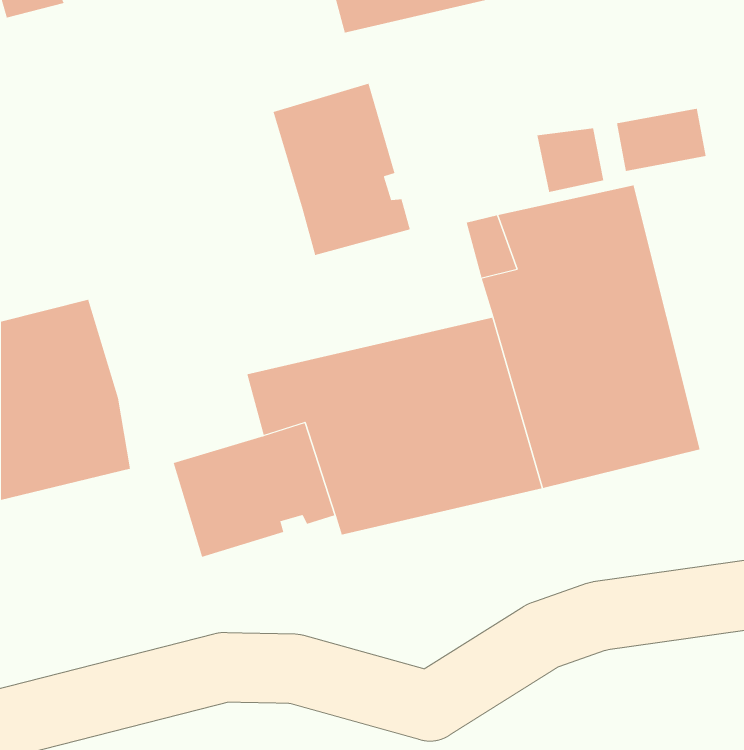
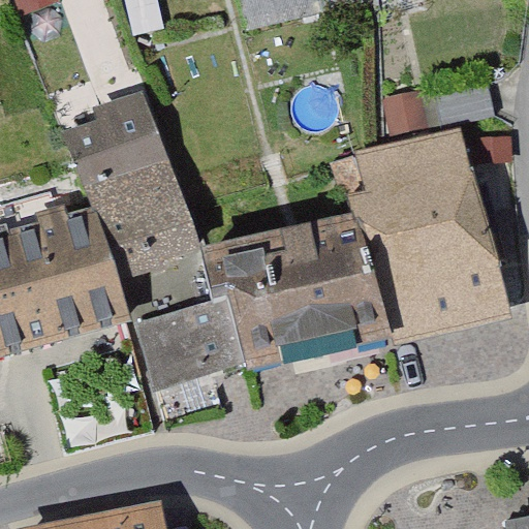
building: [273,83,411,256] -> none
building: none -> [50,95,178,274]

